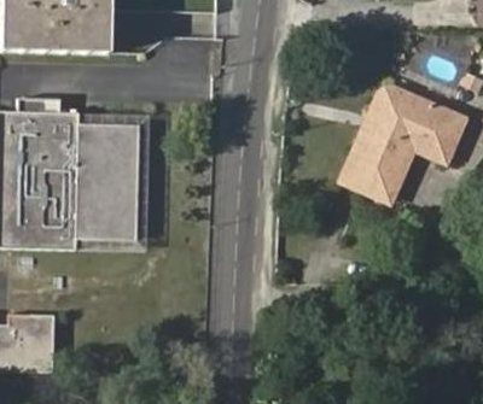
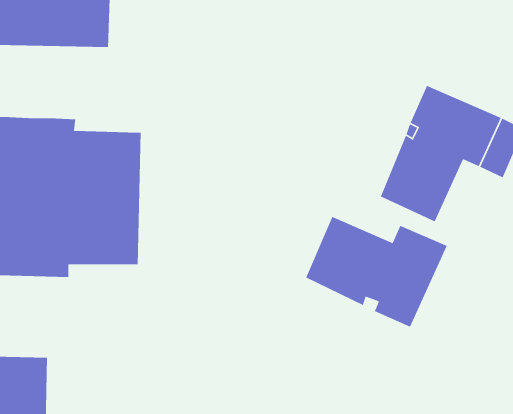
building: none -> [305,216,448,328]

